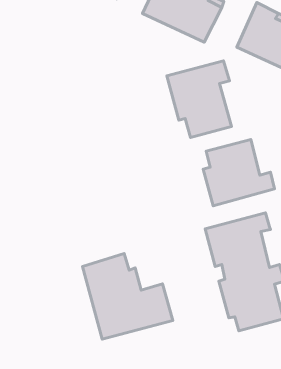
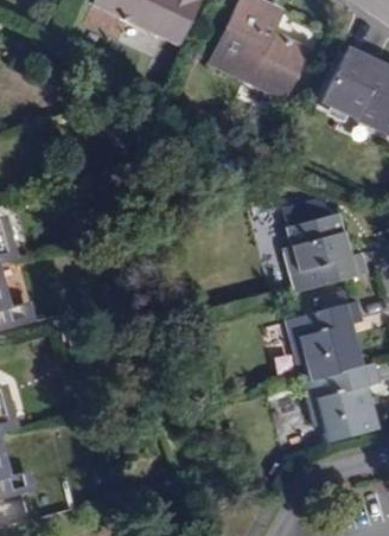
building: [167,61,232,138] -> none
building: [83,254,173,339] -> none

